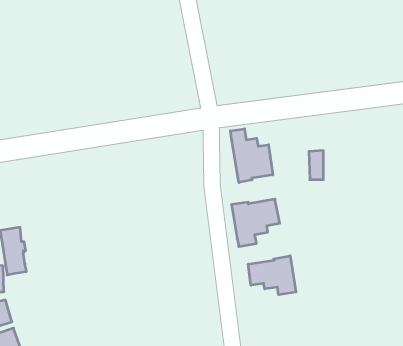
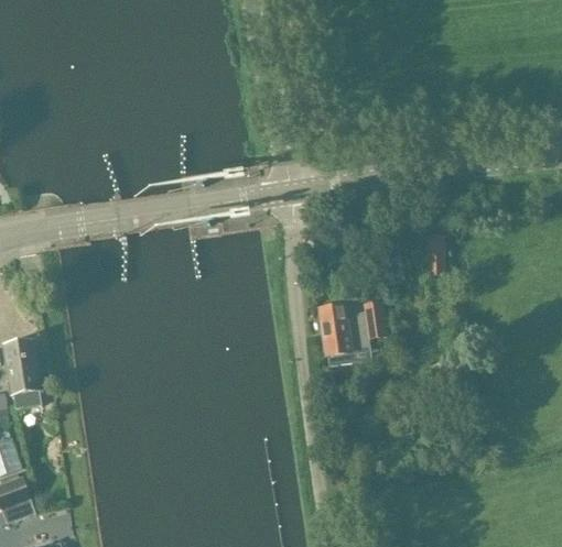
building: [230,129,273,183] -> none
building: [248,256,296,295] -> none

